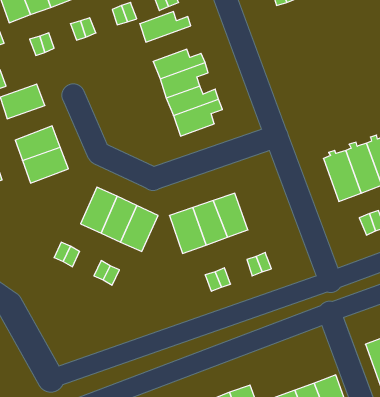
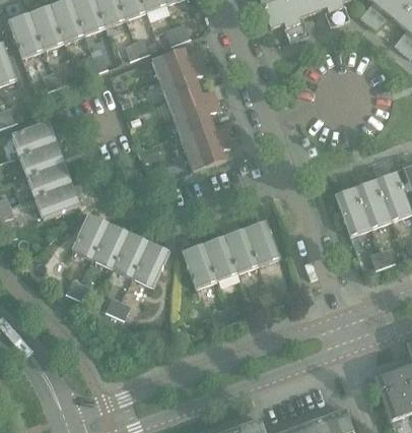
building: none -> [157,61,206,97]
building: none -> [19,140,64,175]
building: none -> [72,212,109,258]
building: none -> [246,220,279,264]

